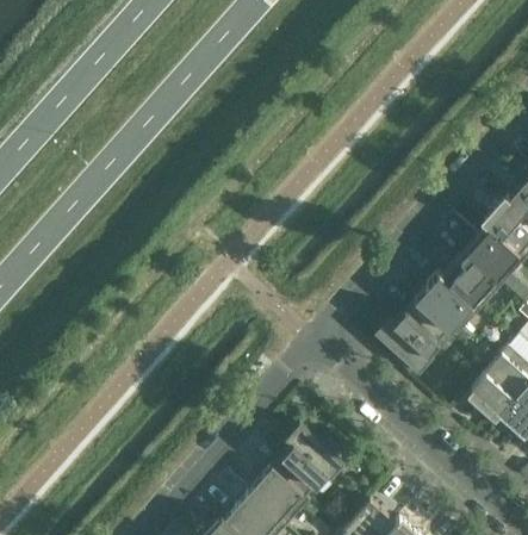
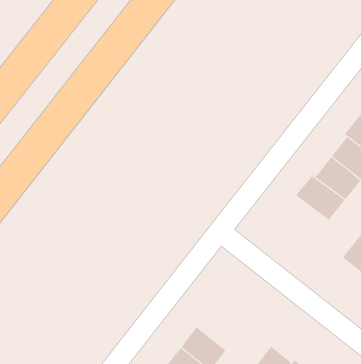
building: [380,298,456,373] -> none
building: [271,427,346,499] -> none

